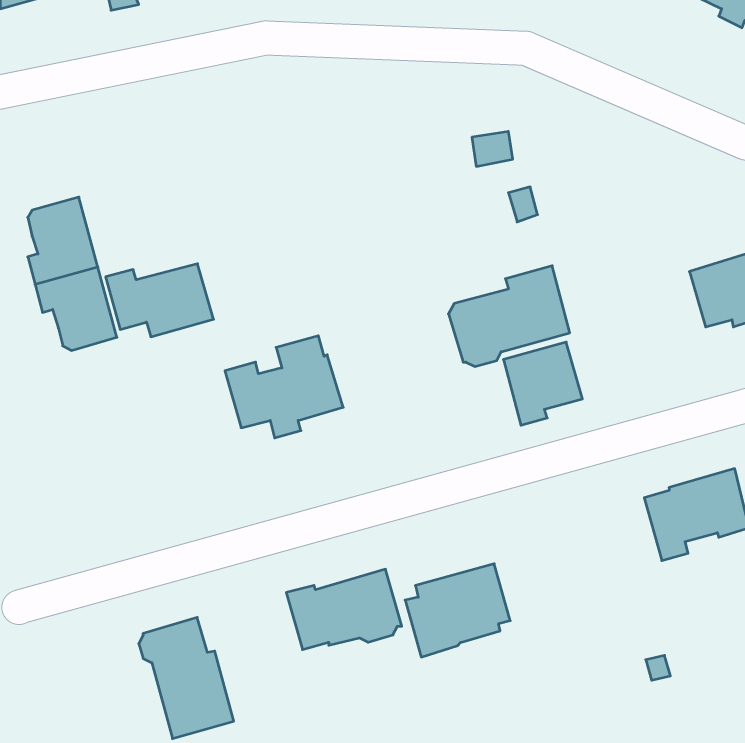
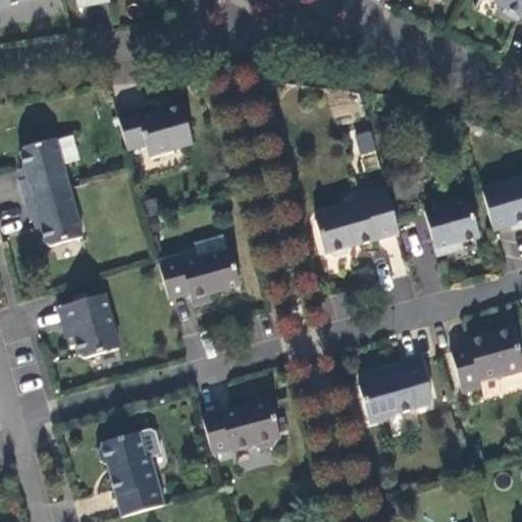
building: [106,264,214,337] -> [117,104,193,155]
building: [503,342,582,425] -> [424,197,479,255]
building: none -> [57,293,119,357]
building: [405,564,510,657] -> [359,358,432,423]

